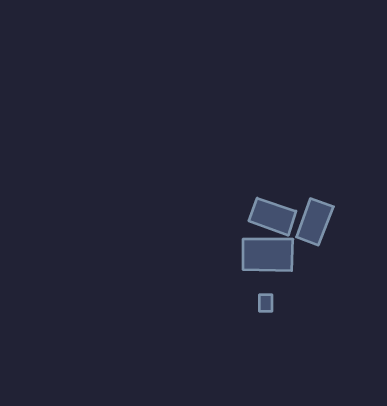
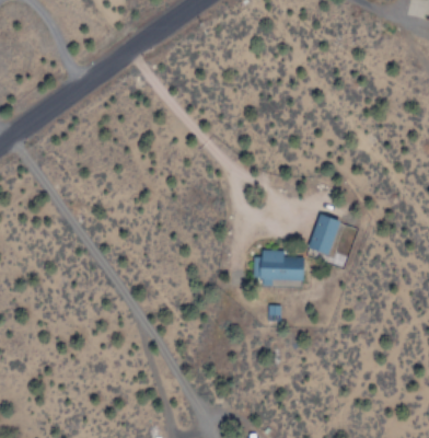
building: [249,198,296,235] -> none

